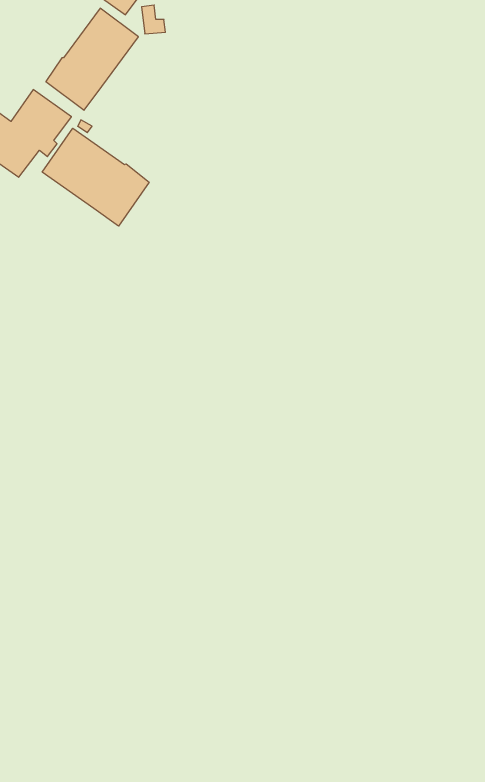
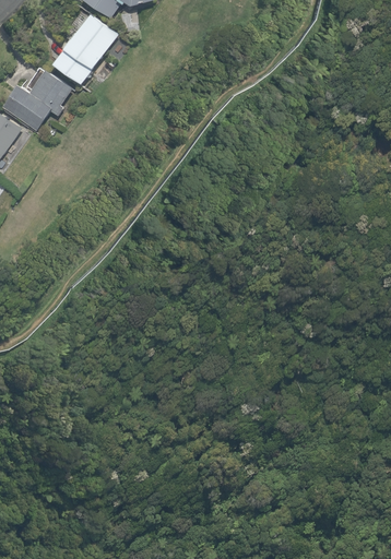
building: [42,128,149,226] -> none

